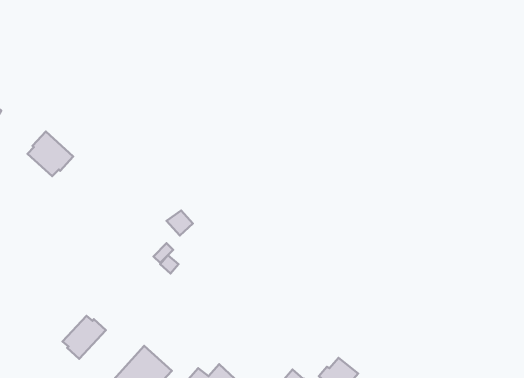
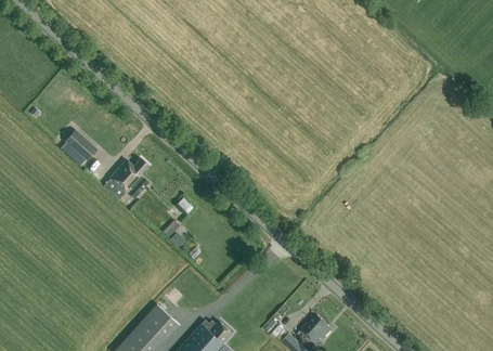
building: none -> [108,157,150,194]
building: [62,316,106,359] -> none

